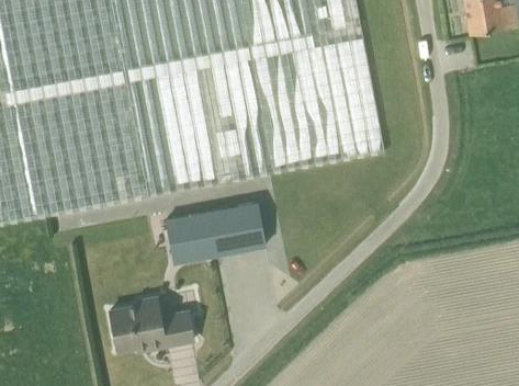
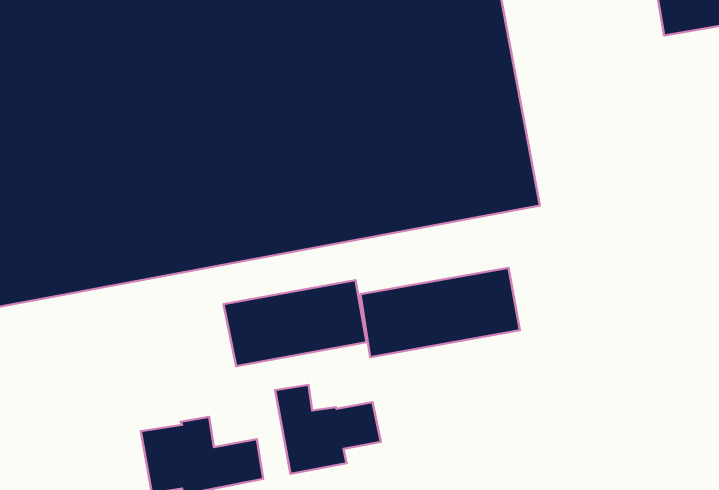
building: none -> [361,268,520,357]
building: none -> [275,385,381,474]

